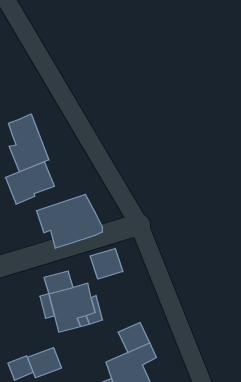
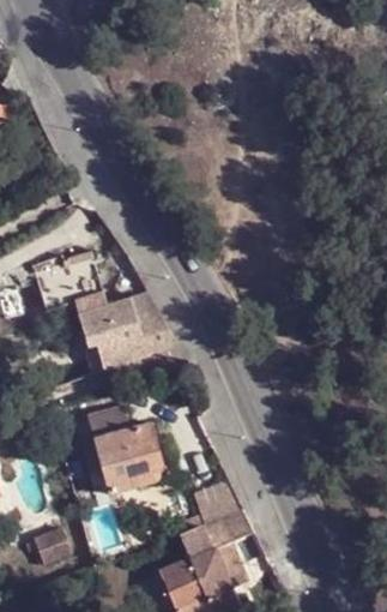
building: [9,114,49,172] -> none
building: [90,248,123,279] -> none
building: [27,348,62,378] -> none

